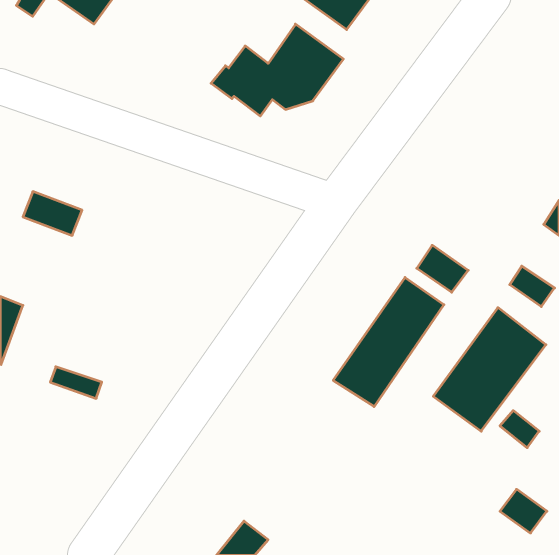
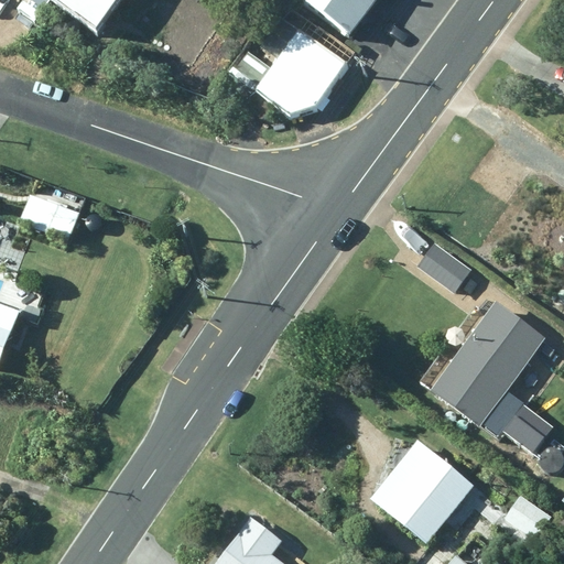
building: [333,277,444,407] -> none
building: none -> [369,436,471,540]

